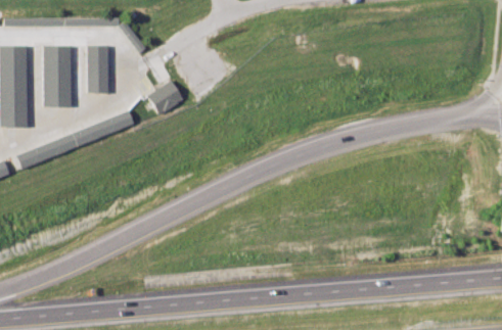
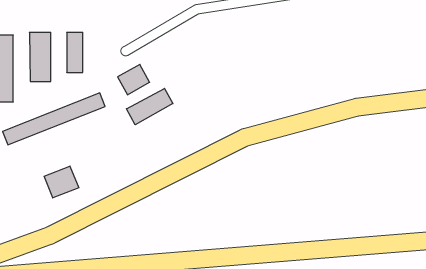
building: none -> [126,88,173,125]
building: none -> [44,166,79,198]

